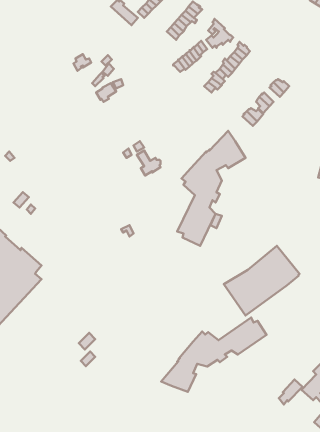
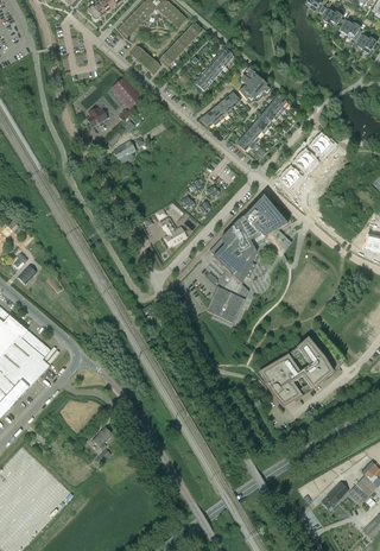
building: none -> [112,75,144,109]
building: [161,318,267,392] -> none

